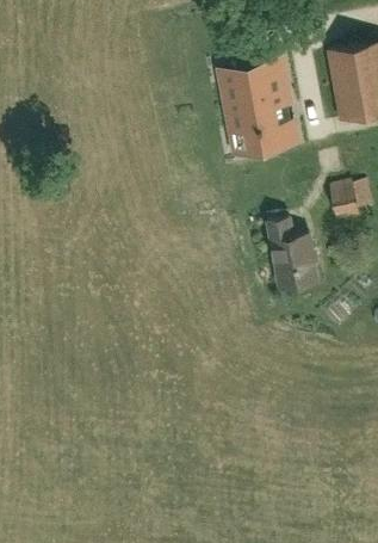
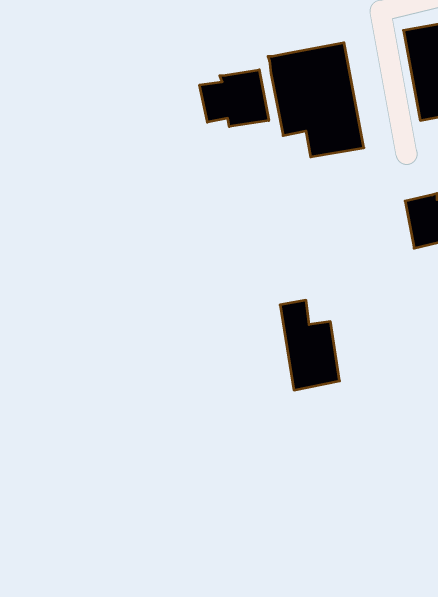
building: none -> [200,70,269,127]
building: [269,218,316,289] -> [280,300,340,390]

